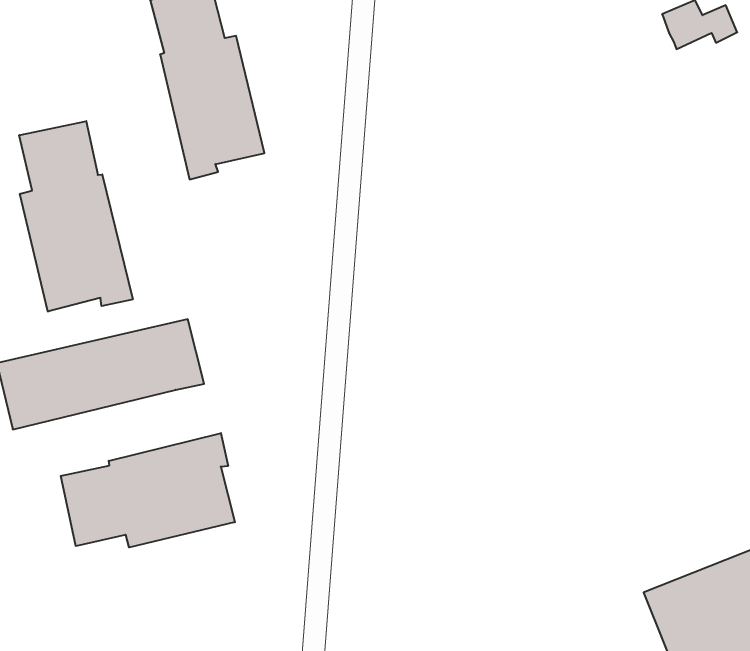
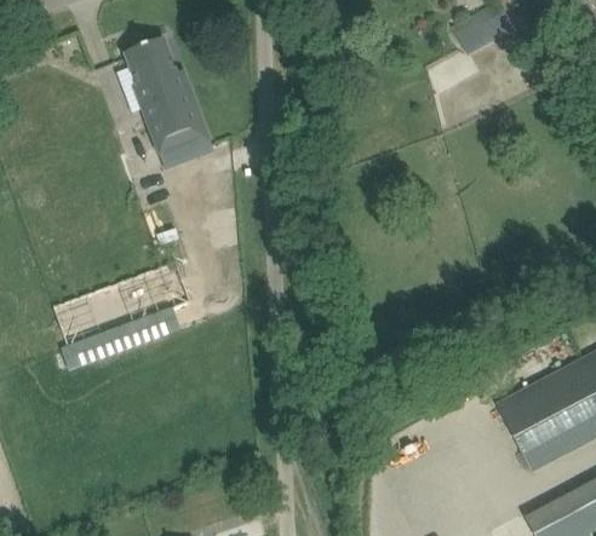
building: [19,121,133,312] -> none
building: [61,433,235,547] -> none

